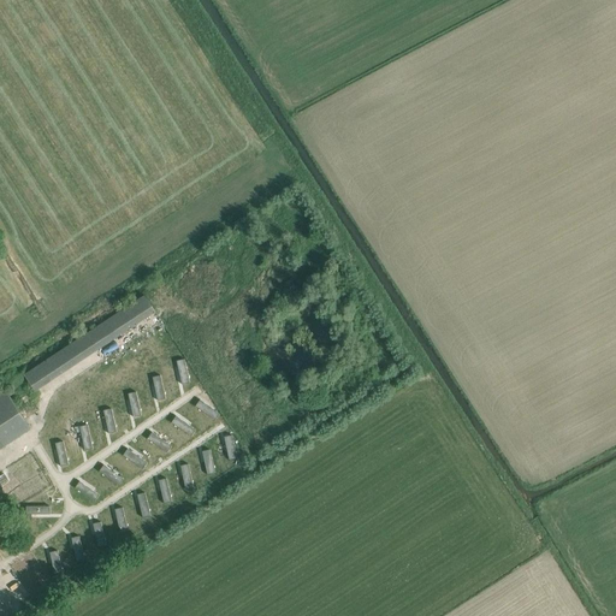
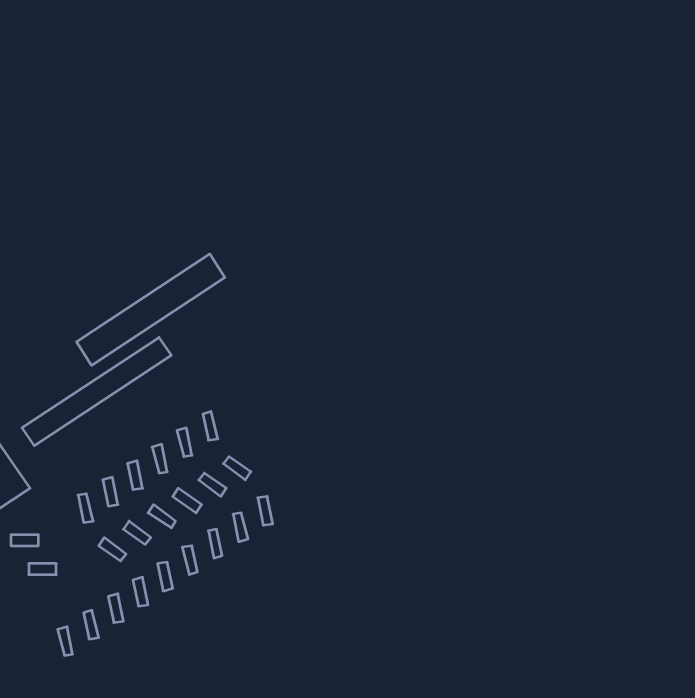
building: none -> [77,254,225,365]

